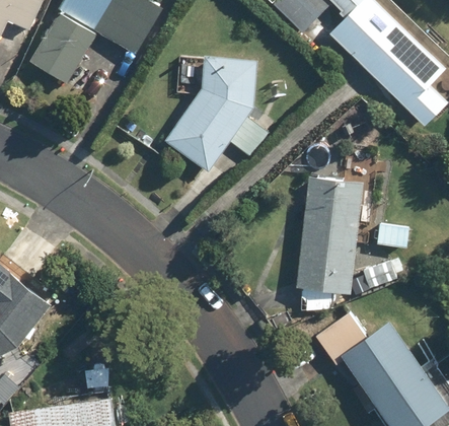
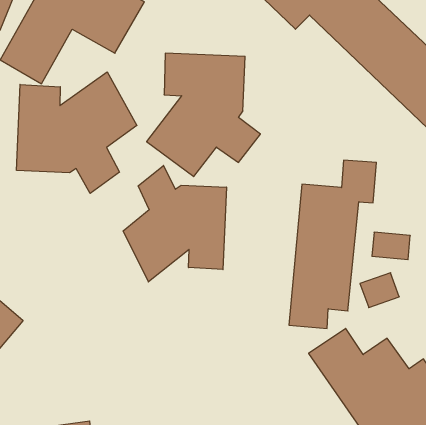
building: none -> [17,72,137,193]
building: none -> [123,165,226,282]

